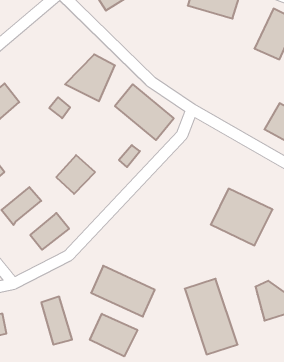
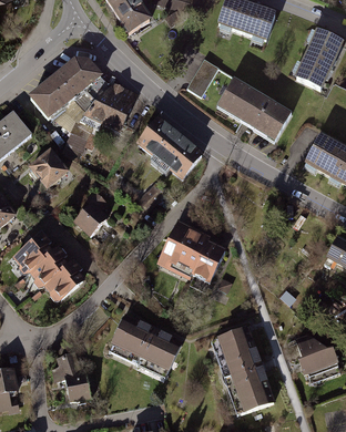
building: none -> [28,59,103,123]
building: none -> [189,60,218,94]
building: none -> [216,80,291,141]
building: none -> [28,151,69,192]
building: [211,189,273,245] -> [156,224,225,287]
building: none -> [27,244,70,285]
building: [90,314,137,356] -> none

